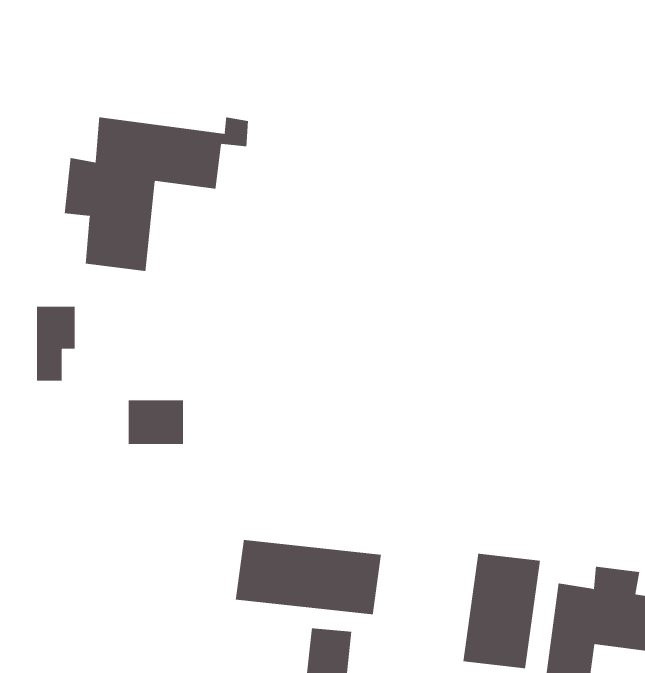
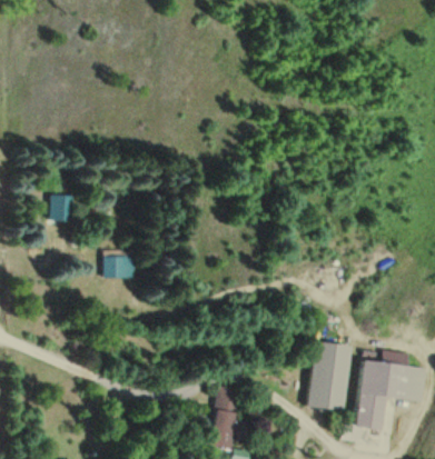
building: [64,116,249,272] -> none
building: [235,539,382,615] -> none

